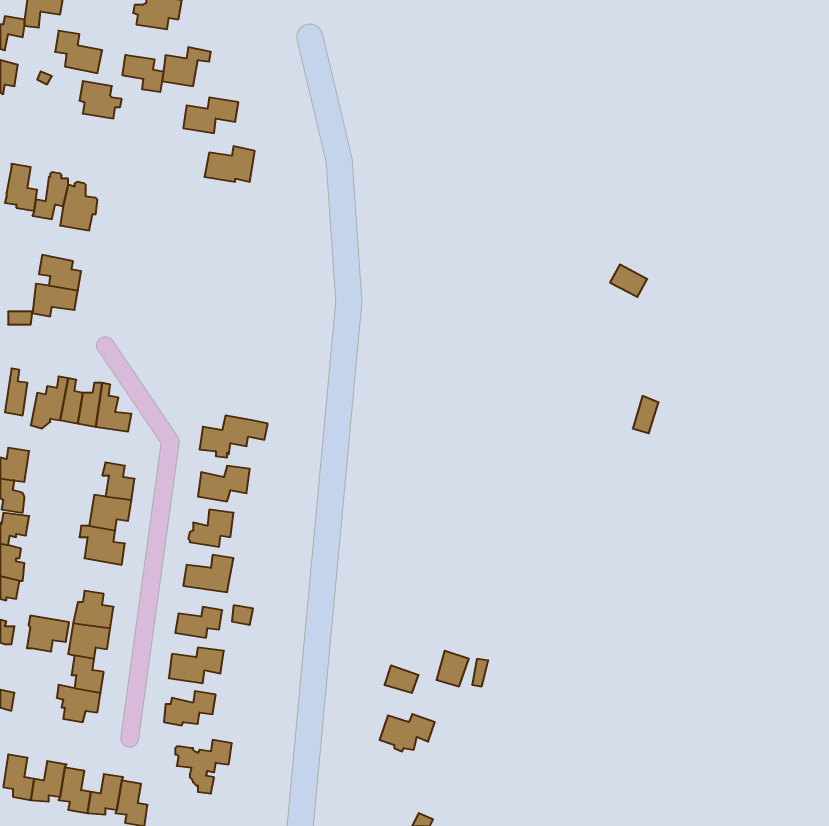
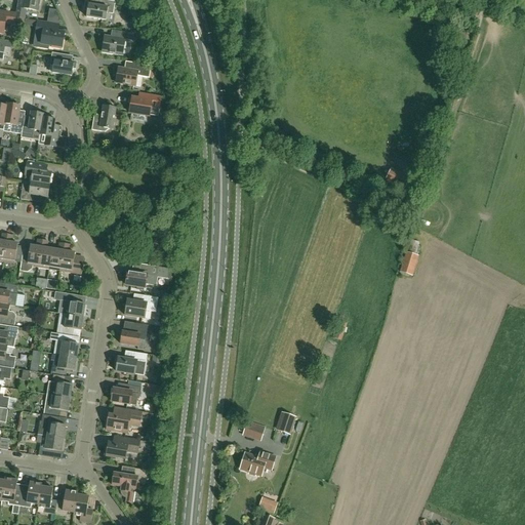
building: [123,55,163,92] -> none
building: none -> [91,105,116,131]
building: [27,616,69,651] -> [50,353,77,375]

